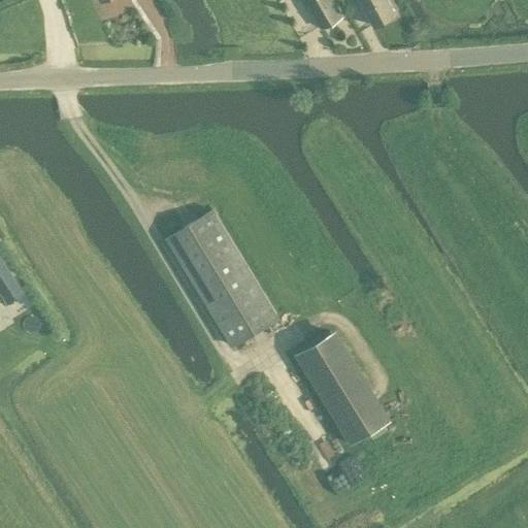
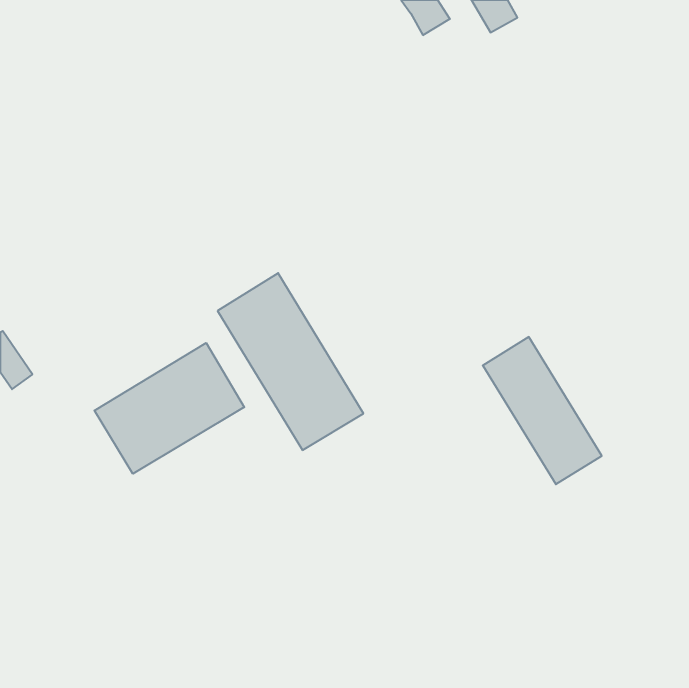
building: none -> [94,343,244,474]
building: [296,333,387,446] -> [483,337,602,484]

